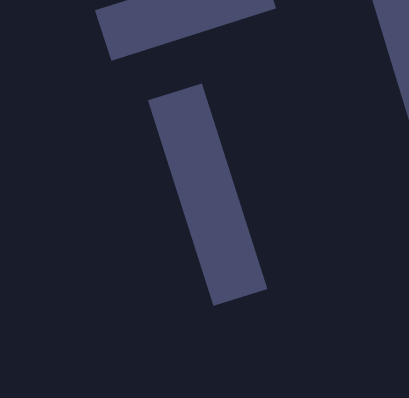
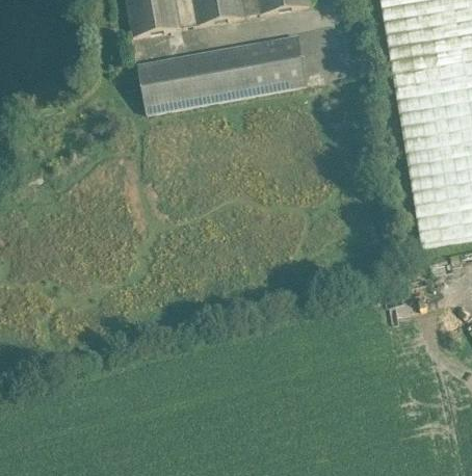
building: [147,83,268,307] -> none

